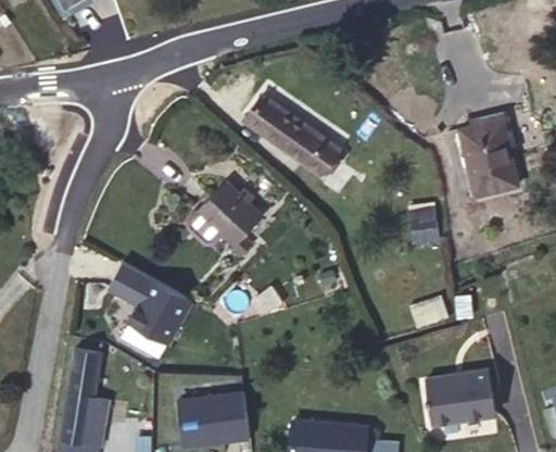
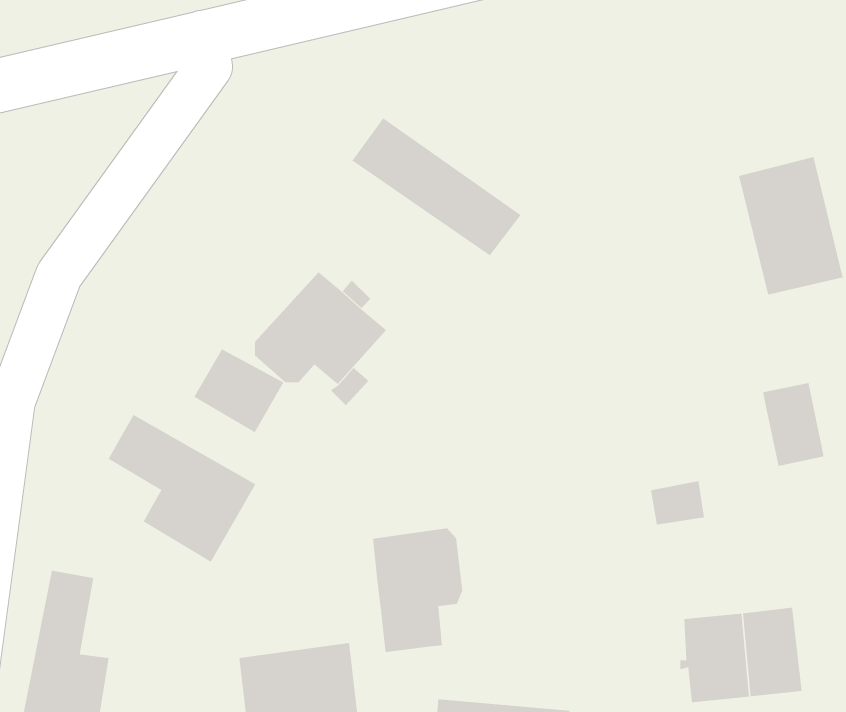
building: [405,200,440,247] -> [762,382,825,466]
building: none -> [193,348,284,433]
building: none -> [372,527,463,653]

